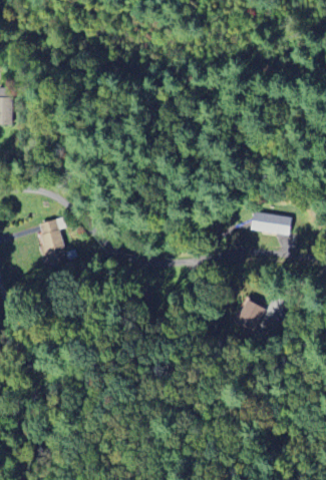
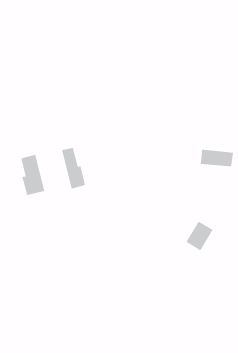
building: none -> [61,147,86,190]

